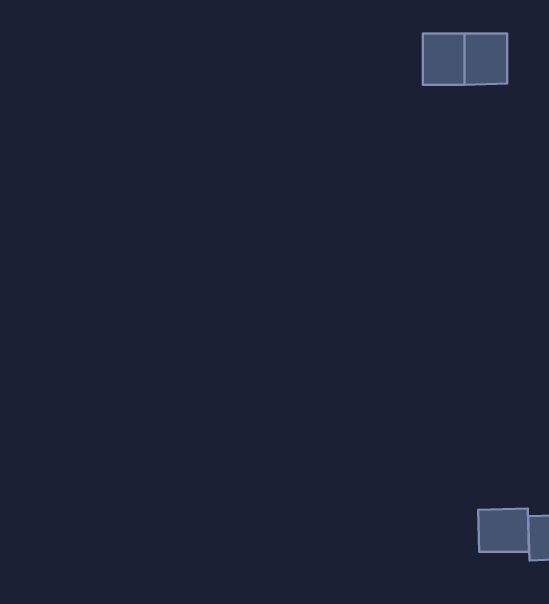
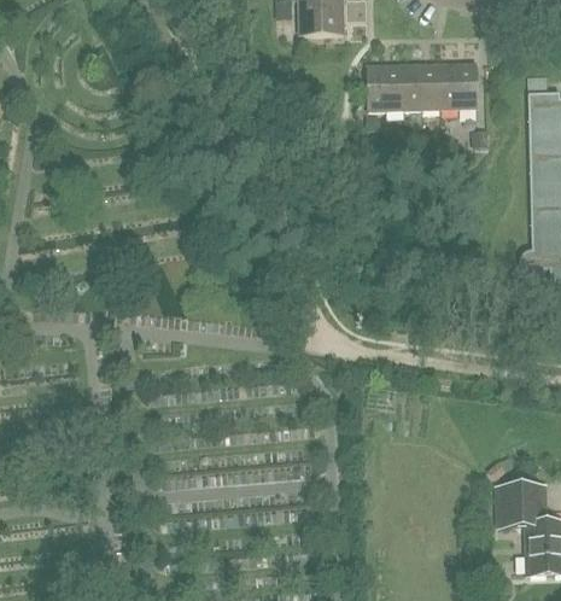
building: none -> [367,64,404,109]
building: [478,509,529,552] -> none

